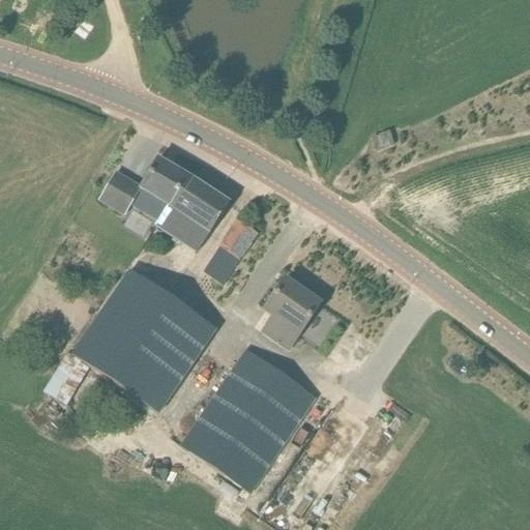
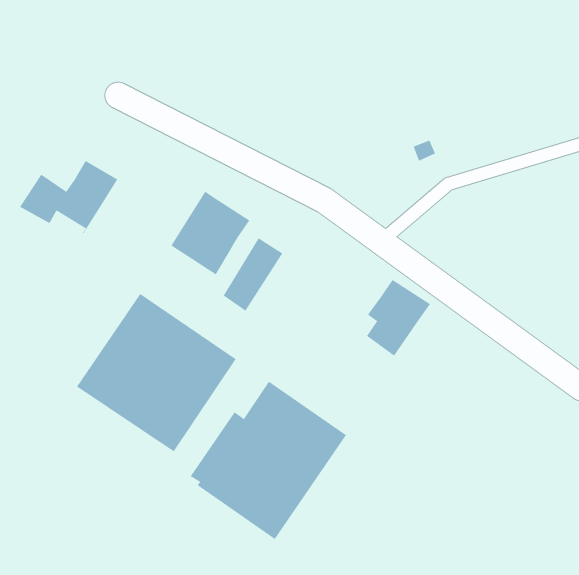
building: [98,156,188,224] -> [19,160,118,234]
building: [262,277,321,348] -> [366,279,431,356]

